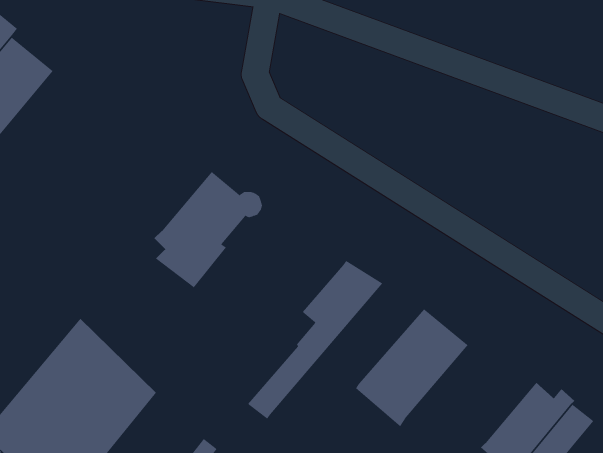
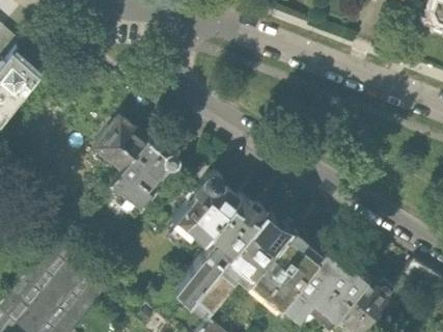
building: none -> [91,110,148,174]
building: none -> [171,170,236,239]
building: none -> [188,210,289,309]
building: none -> [278,246,364,315]

